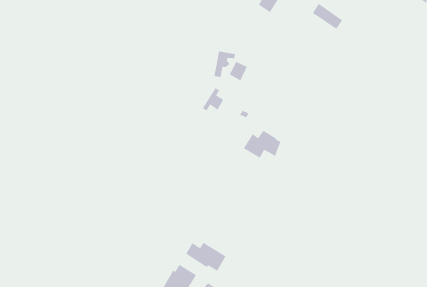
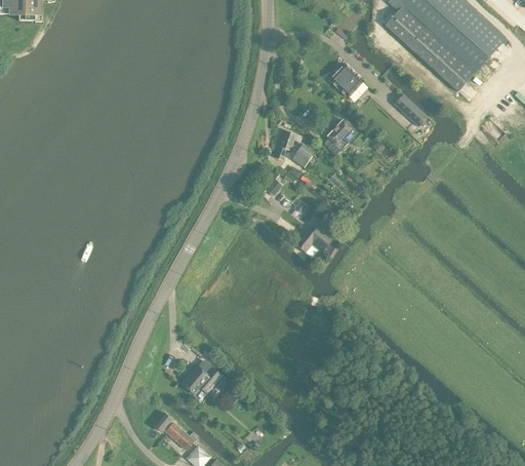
building: none -> [323,118,356,154]
building: [185,242,226,272] -> none

